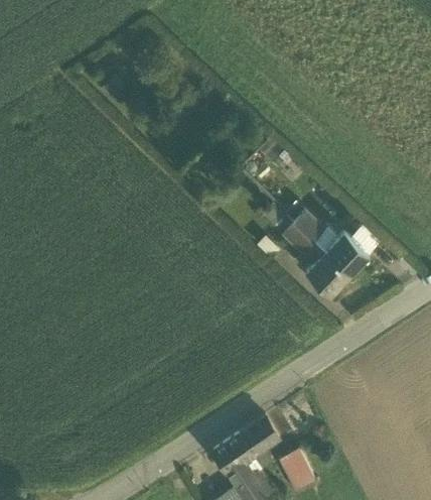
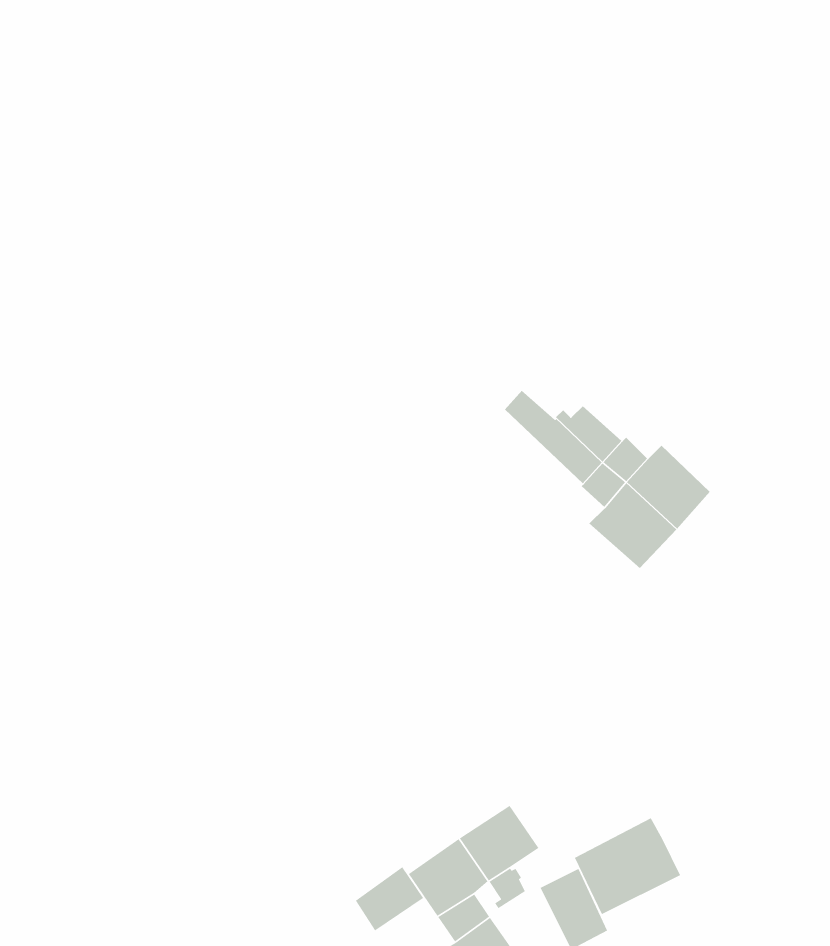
building: none -> [574,817,681,915]
building: none -> [355,866,424,932]

